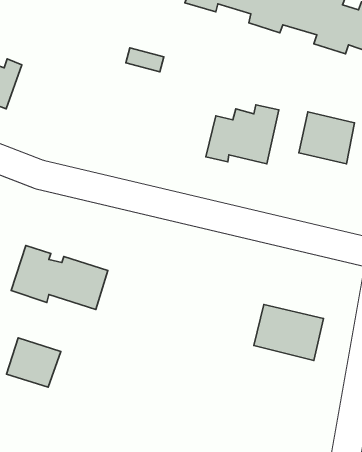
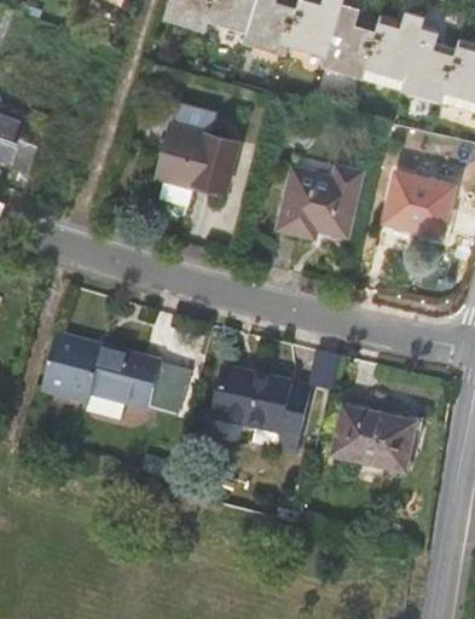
building: none -> [161,128,242,198]
building: none -> [139,365,184,421]
building: none -> [207,368,308,458]
building: [6,338,61,387] -> none

